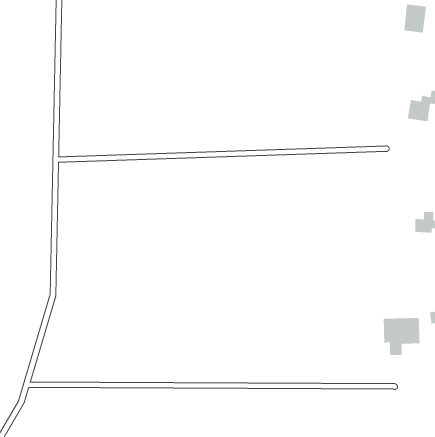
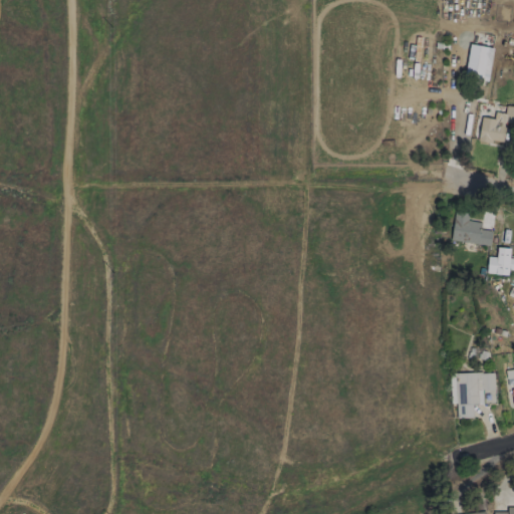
building: [404,4,427,33] -> [468,44,495,79]
building: none -> [456,219,493,244]

